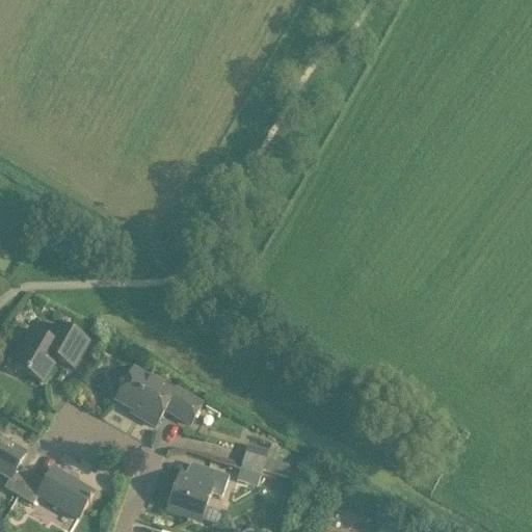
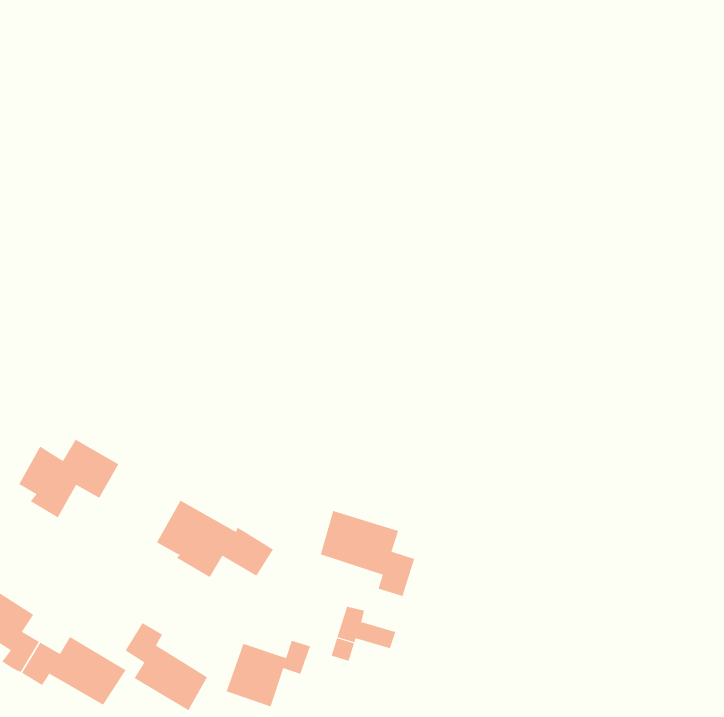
building: none -> [320,510,415,597]
building: none -> [125,622,208,711]

